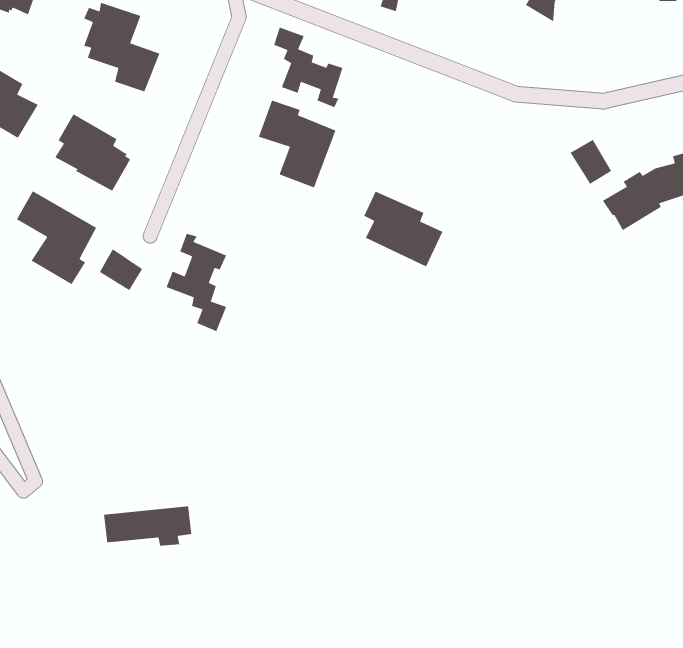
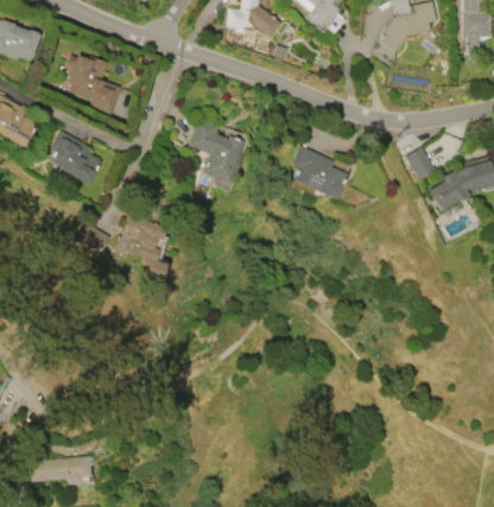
building: [273,27,344,108] -> none
building: [16,190,97,285] -> none
building: [363,190,443,267] -> [291,145,347,198]
building: [103,506,192,547] -> [28,456,90,484]

